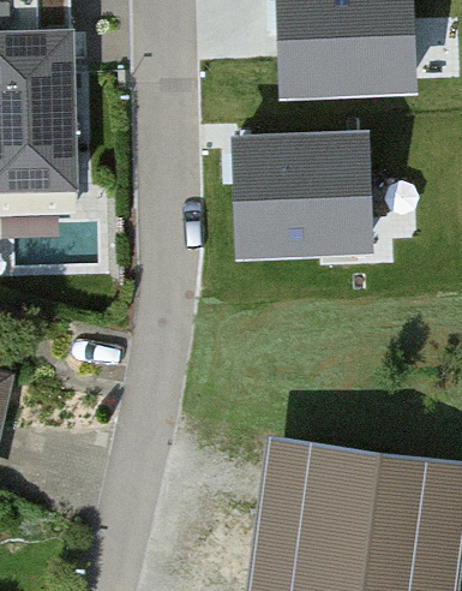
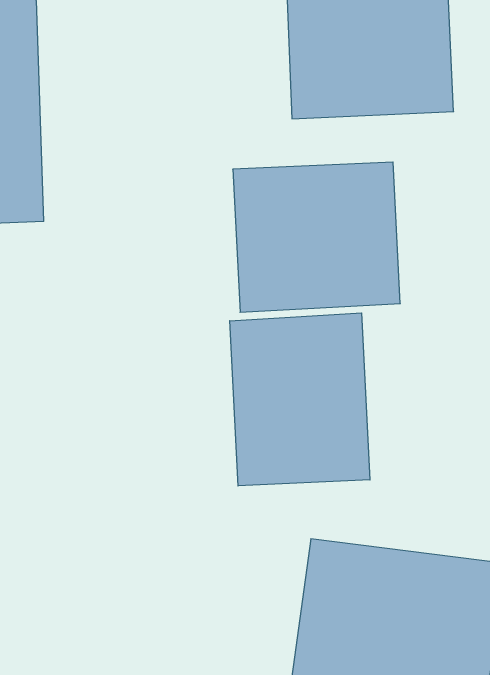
building: none -> [230,313,370,486]

